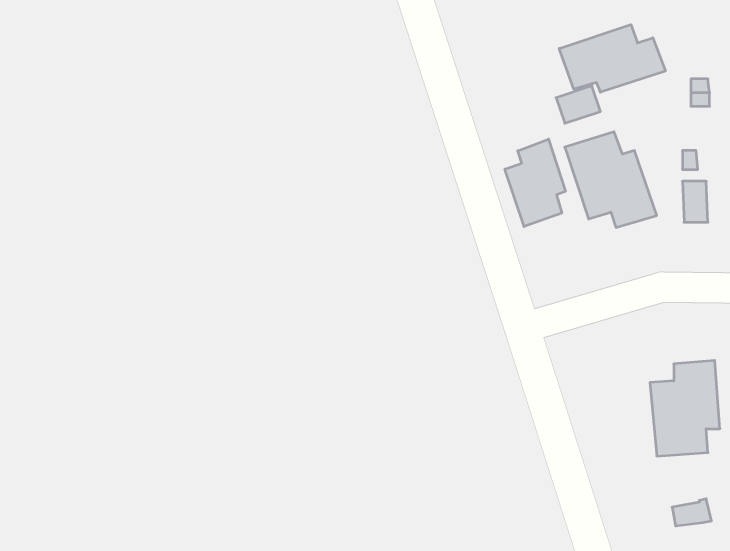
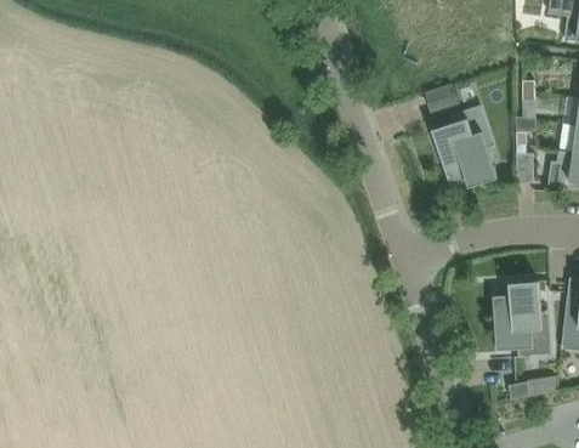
building: [559,25,665,92] -> none
building: [505,139,565,227] -> none

